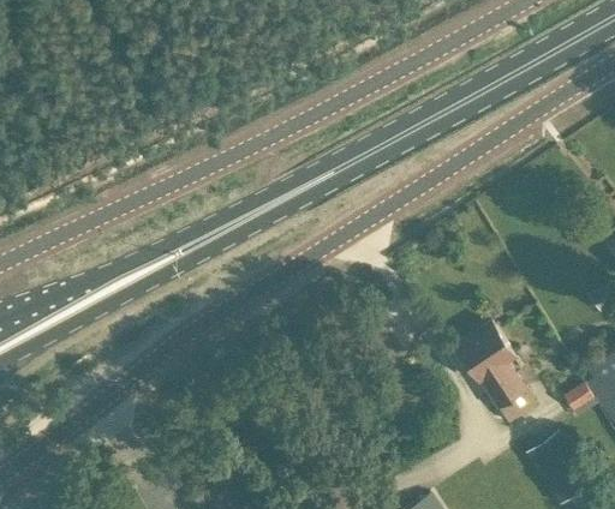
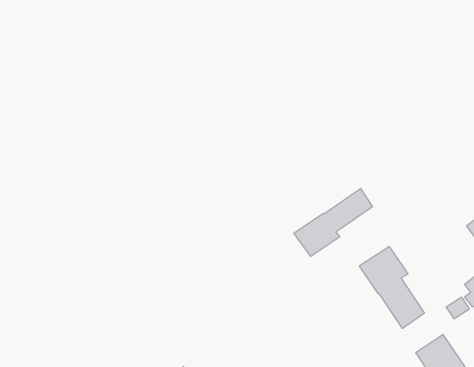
building: none -> [294,188,373,257]

